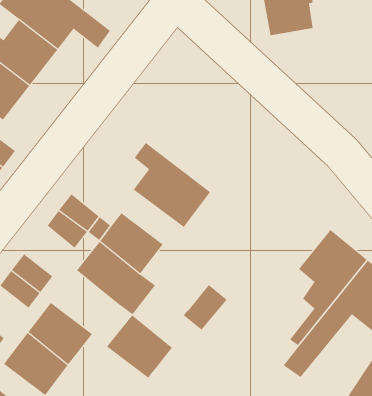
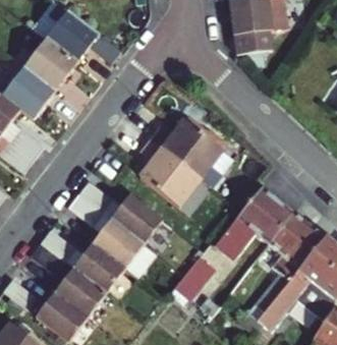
building: none -> [147,121,229,180]
building: none -> [213,184,293,249]
building: [106,314,173,378] -> [71,242,124,293]

